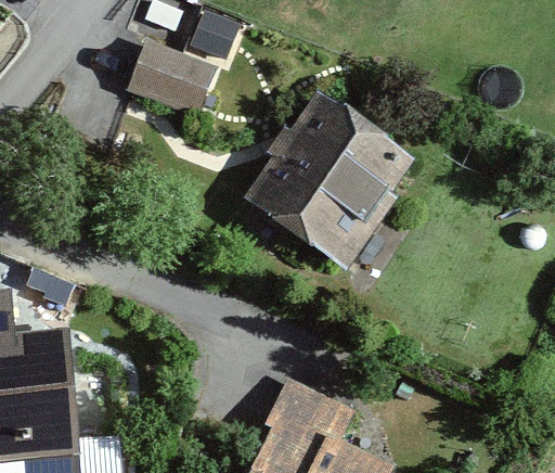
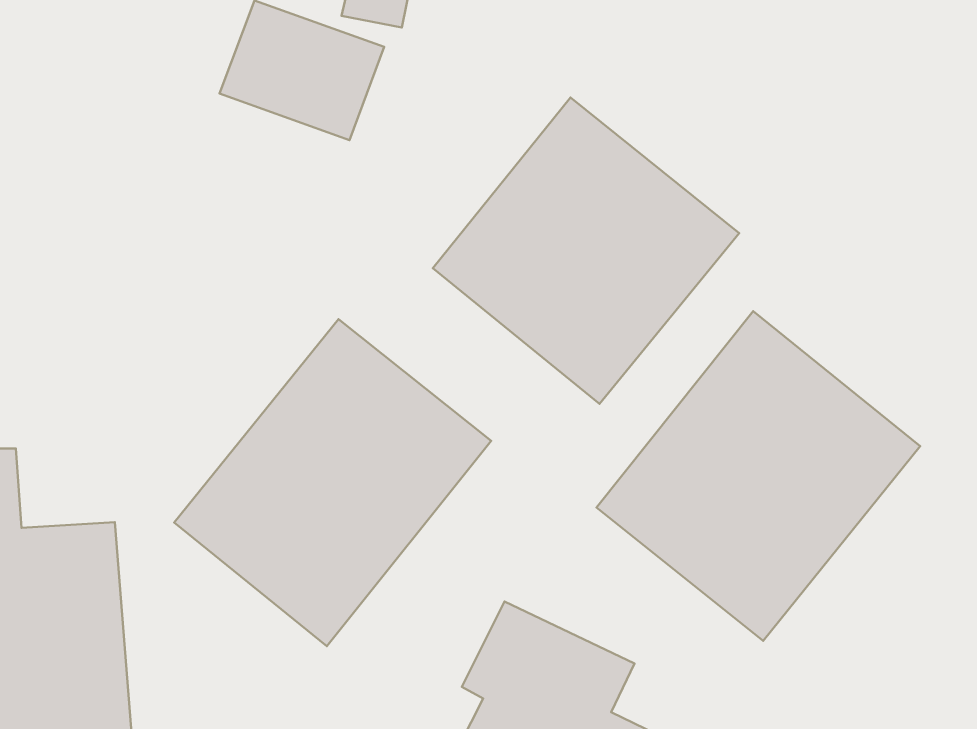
building: none -> [597,311,920,641]
building: none -> [174,319,491,646]

